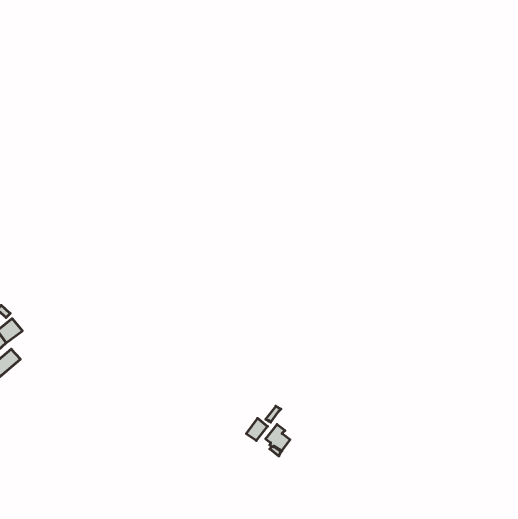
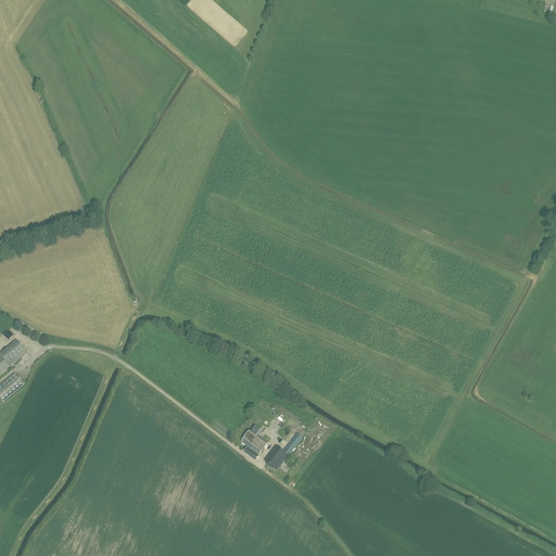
building: [266,424,290,456] -> [239,426,265,459]

